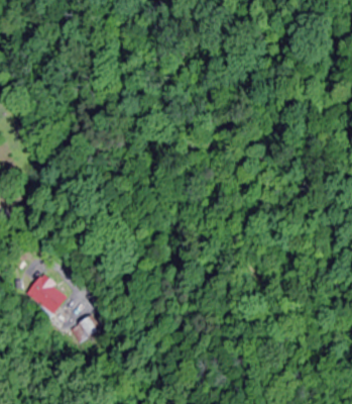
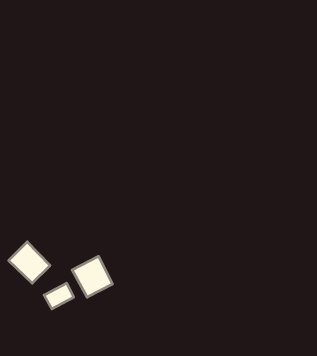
building: none -> [72,256,112,297]

